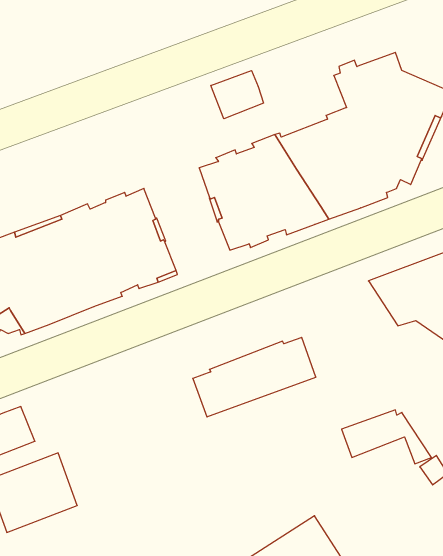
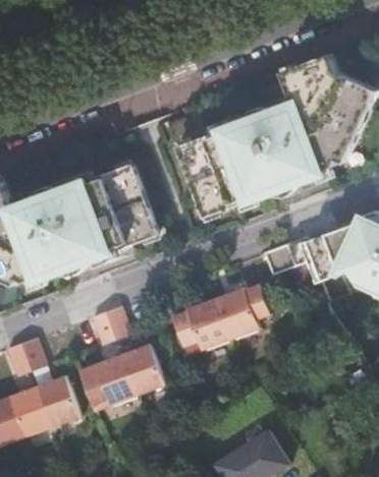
building: [211,71,263,119] -> none
building: none -> [90,308,128,347]
building: [342,410,431,464] -> [262,238,333,281]
building: none -> [92,345,163,407]

